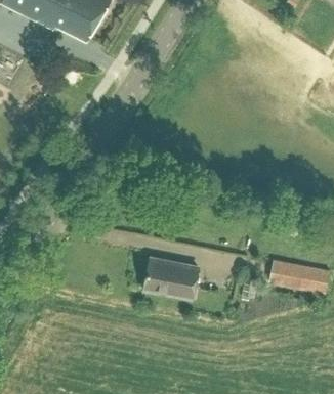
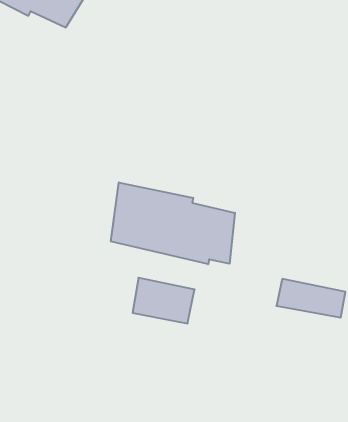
building: none -> [111,182,235,264]

